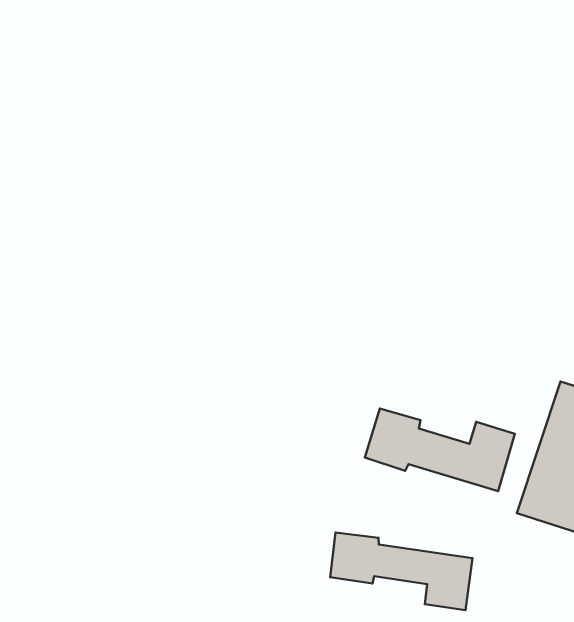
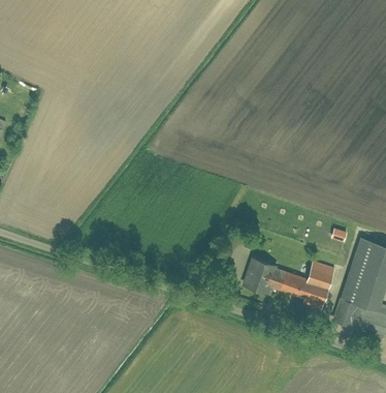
building: [330,532,473,610] -> none

